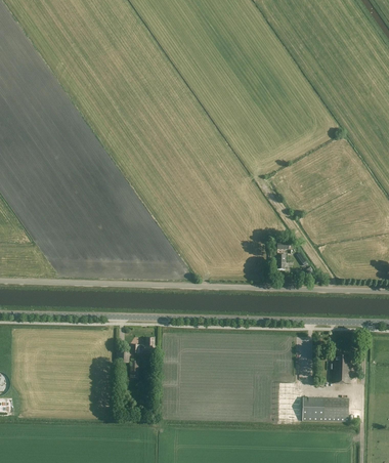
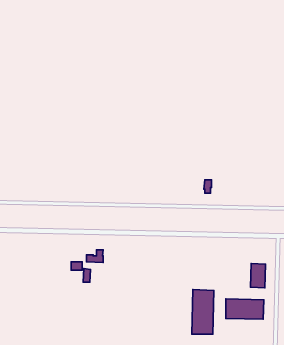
building: none -> [192,289,214,334]

